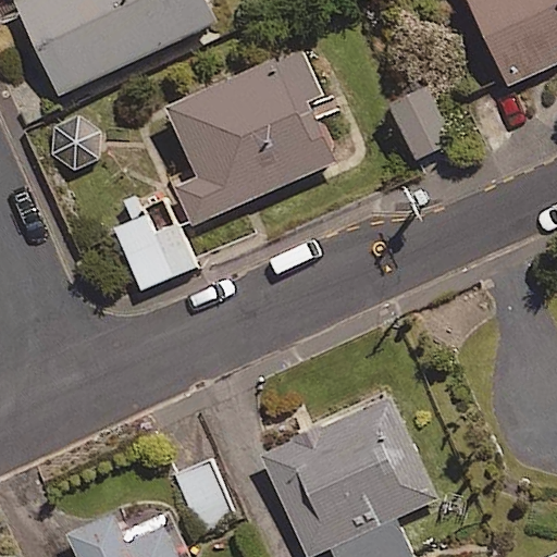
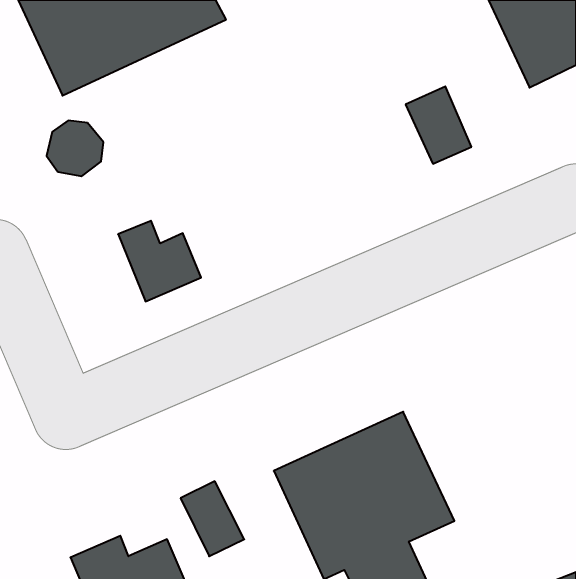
building: [168,49,335,225] -> none

